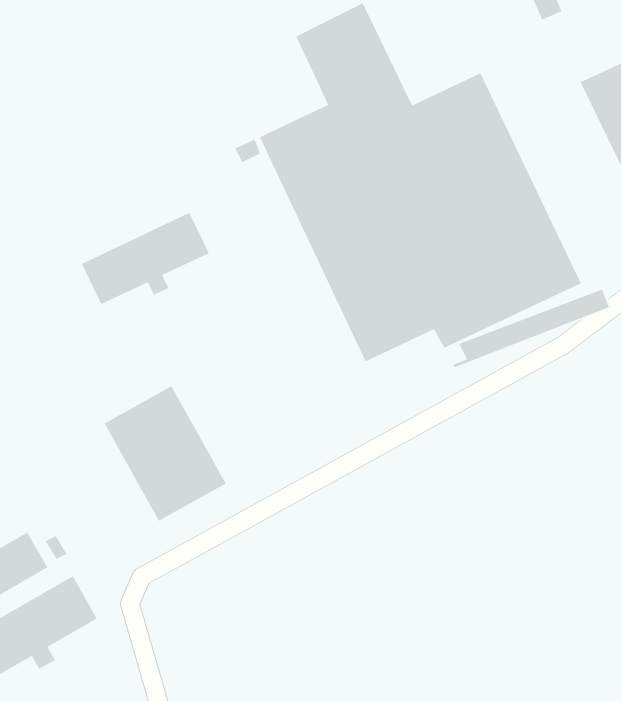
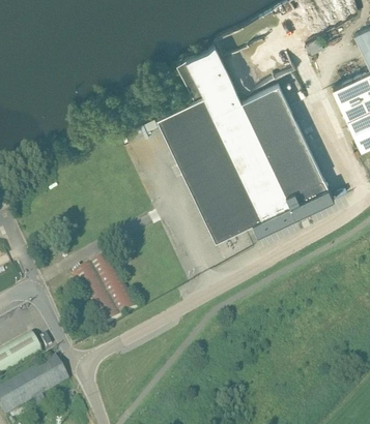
building: [81,212,210,305] -> none

